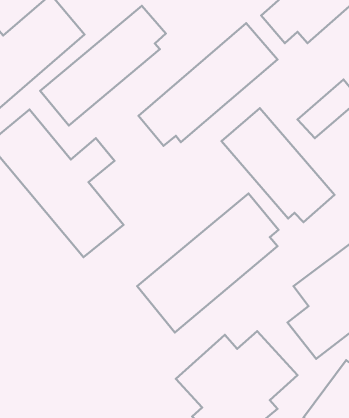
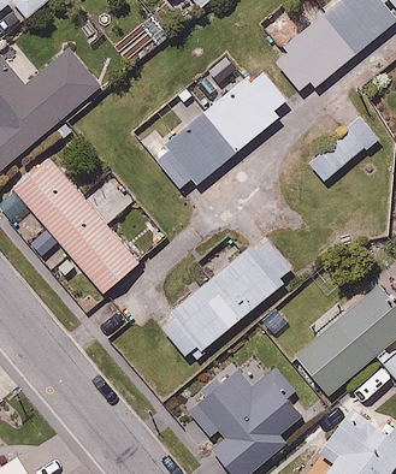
building: [40,6,166,125] -> none
building: [221,108,334,222] -> none

